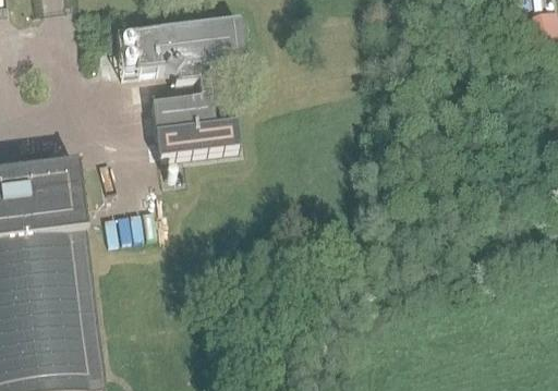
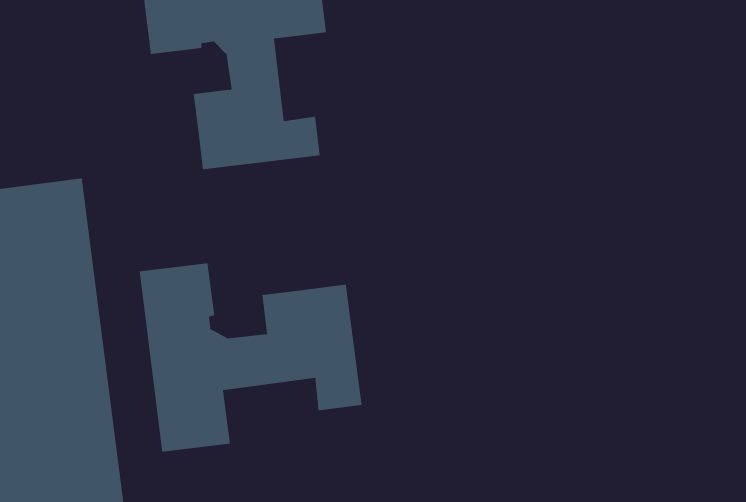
building: none -> [139,262,362,453]

